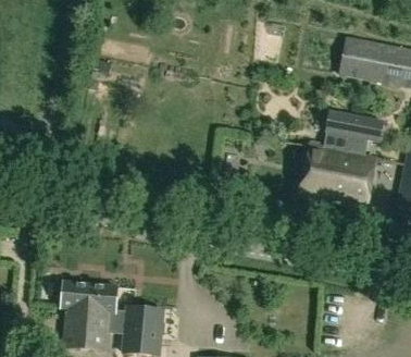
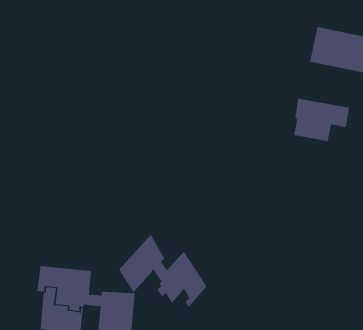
building: [300,146,375,206] -> none
building: none -> [118,234,207,307]

